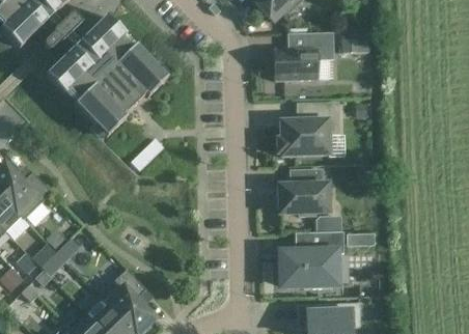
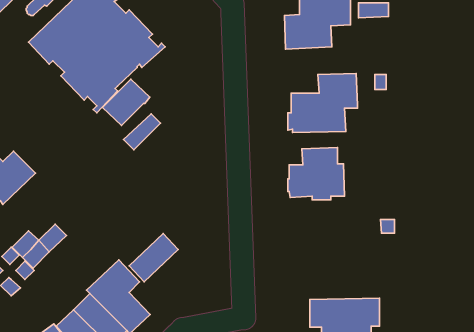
building: none -> [103,79,150,126]
building: [278,230,344,287] -> none
building: none -> [129,234,178,282]

